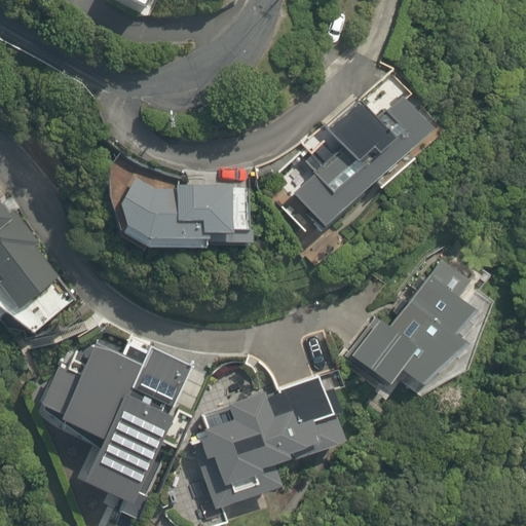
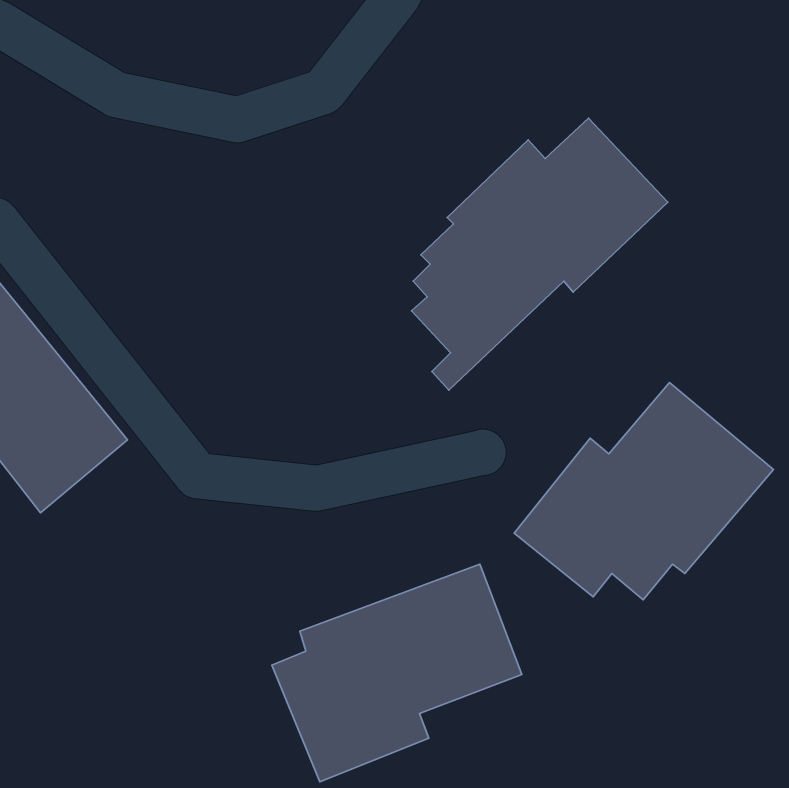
building: [105,163,245,247] -> none
building: [37,333,192,514] -> none

